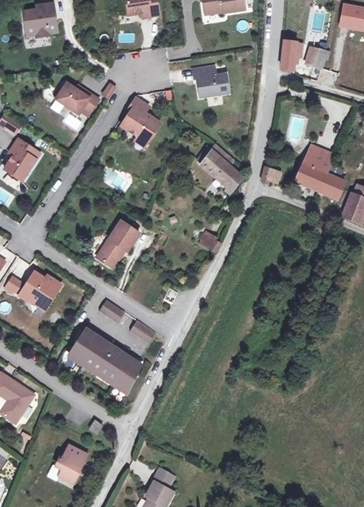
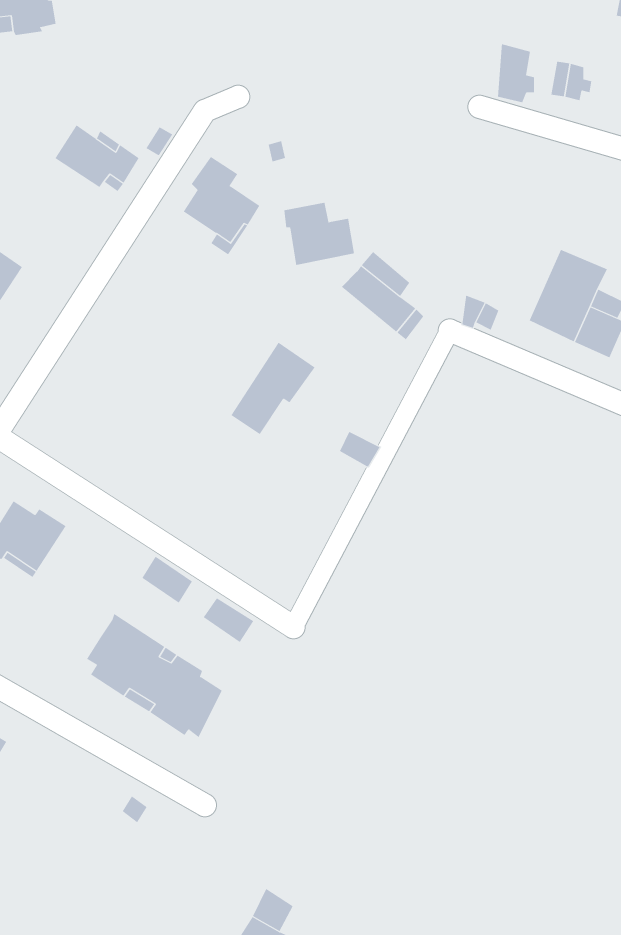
building: [193,65,229,97] -> [284,202,355,266]
building: [97,220,140,267] -> [231,342,316,435]
building: [54,446,86,484] -> none

